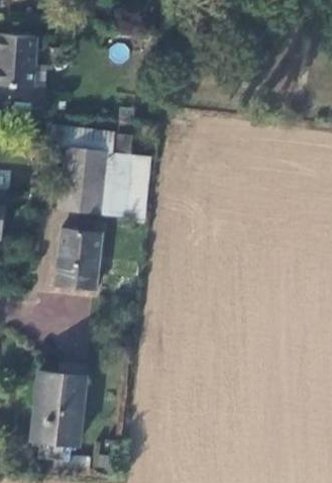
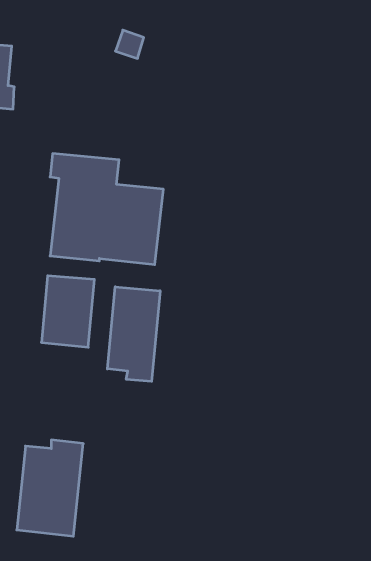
building: none -> [107,287,160,381]

